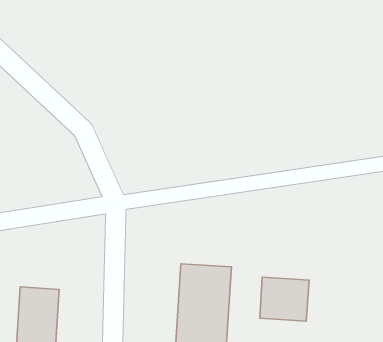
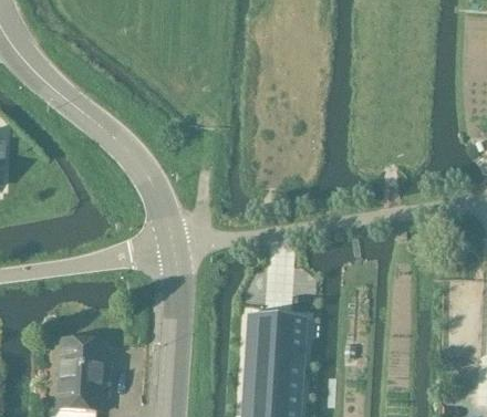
building: [260,277,309,321] -> none

